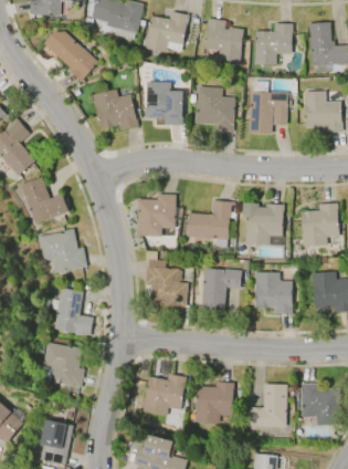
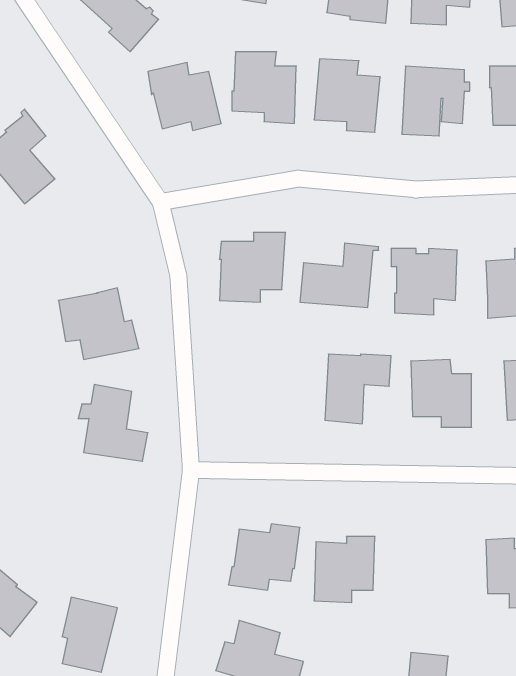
building: [20,178,70,223] -> none
building: [145,251,188,308] -> none
building: [40,343,84,387] -> none
building: [249,383,287,426] -> none

